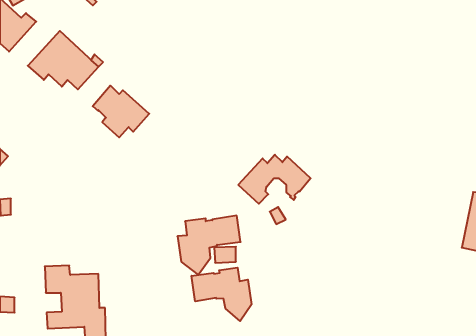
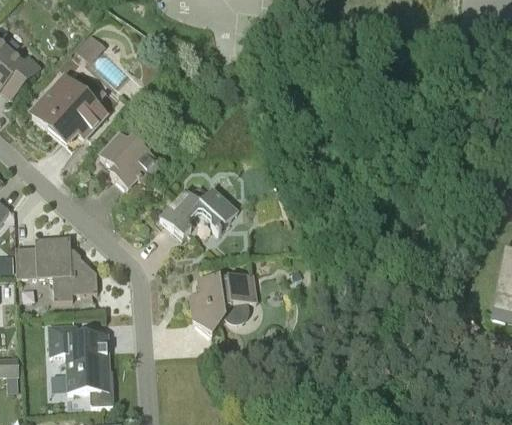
building: [238,155,311,204] -> [159,186,236,238]
building: none -> [14,236,96,299]
building: [192,268,251,321] -> none

